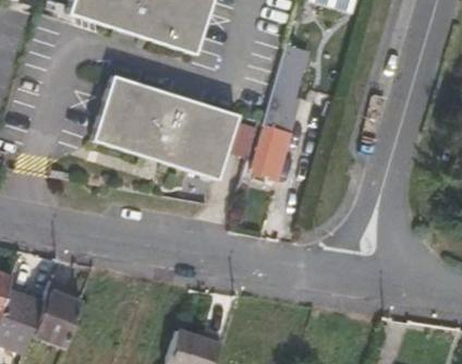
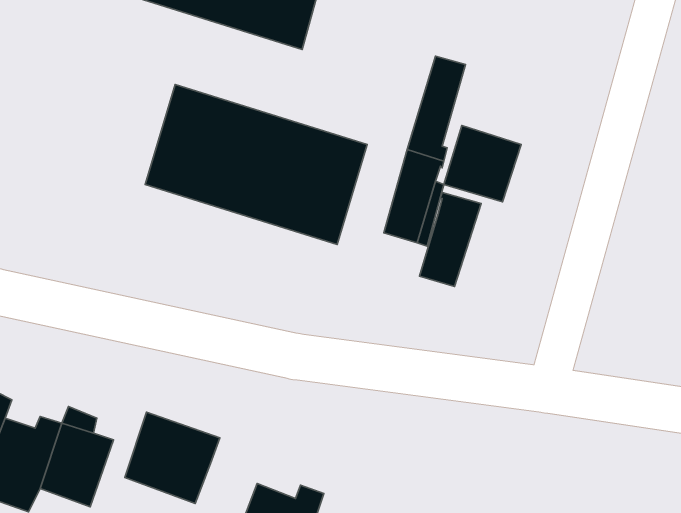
building: none -> [444,125,521,202]
building: none -> [419,192,481,287]
building: none -> [125,412,220,504]

